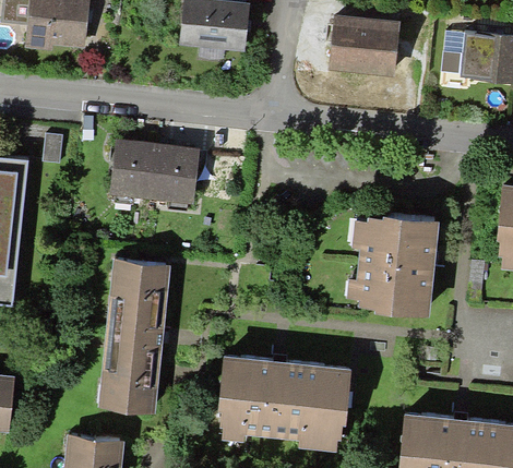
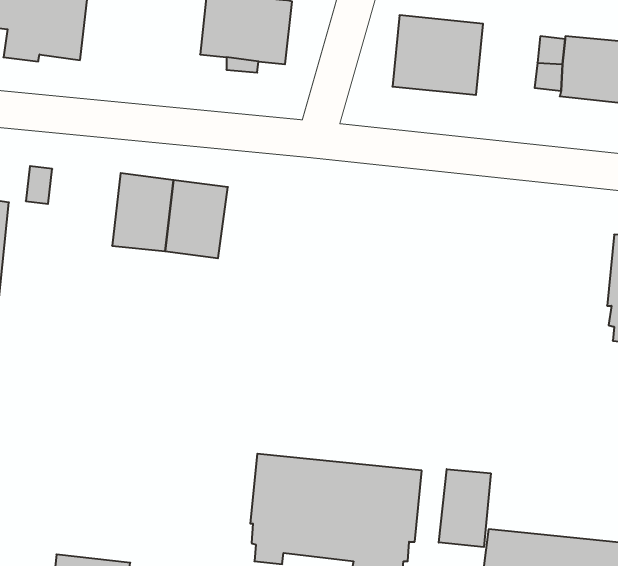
building: [345,214,439,316] -> none
building: [97,259,170,413] -> none
building: none -> [439,469,491,547]

